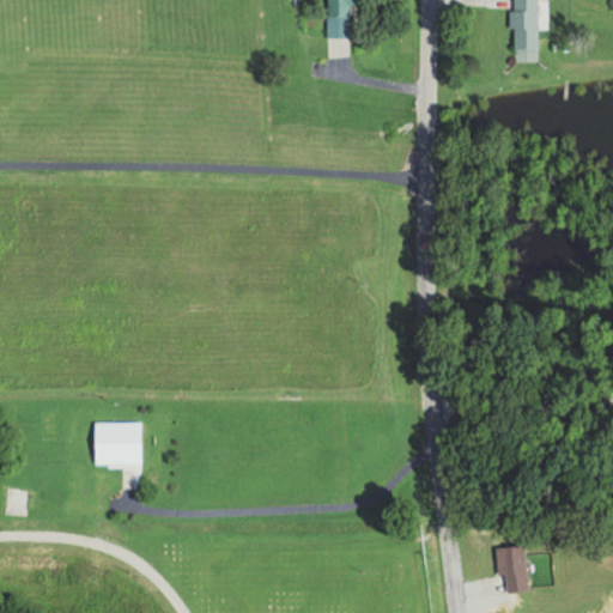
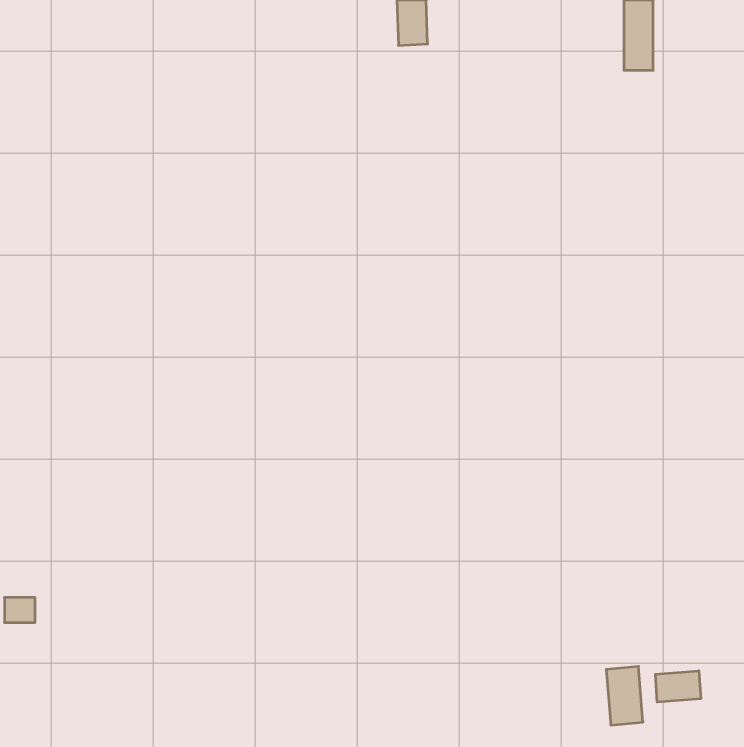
building: [103,418,135,472] -> none
building: none -> [655,671,701,702]

